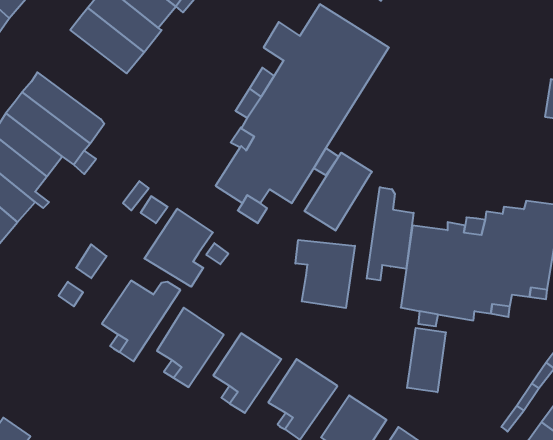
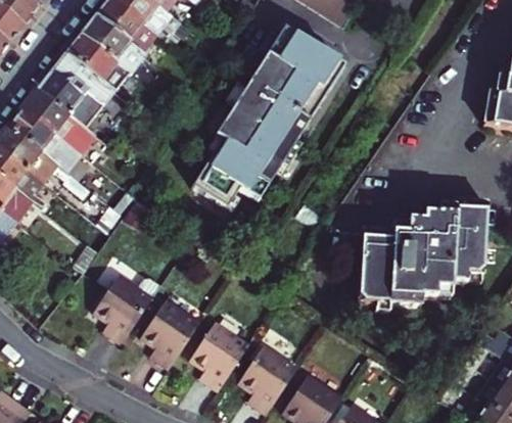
building: none -> [36,56,113,134]
building: [305,153,372,231] -> none
building: [367,187,414,280] -> none
building: [144,209,213,287] -> none
building: [295,240,355,308] -> none
building: [407,328,446,392] -> none

